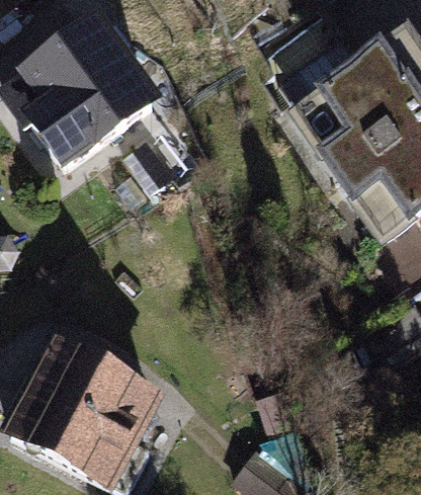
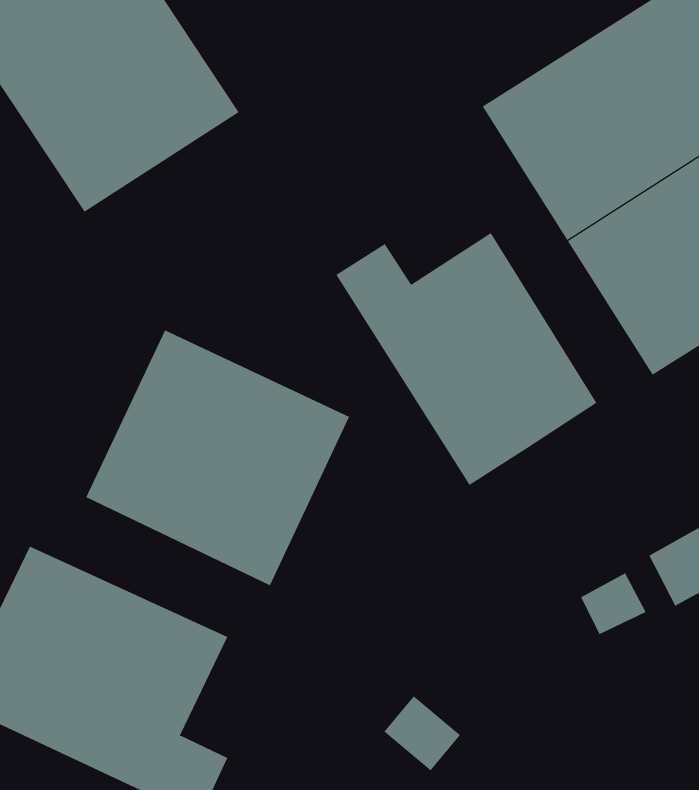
building: none -> [336,232,597,486]
building: none -> [85,330,350,586]

